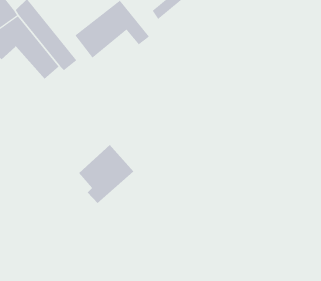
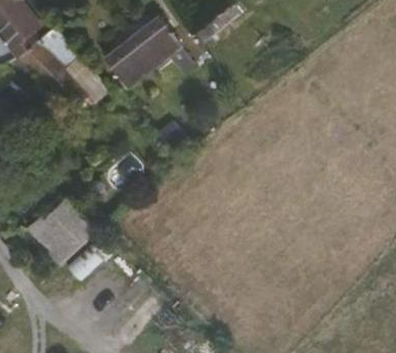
building: [78,144,134,204] -> [34,187,99,257]

